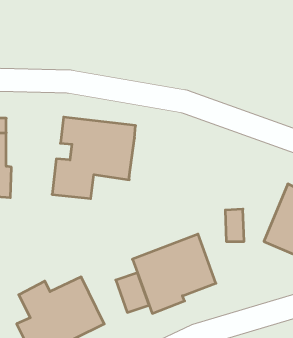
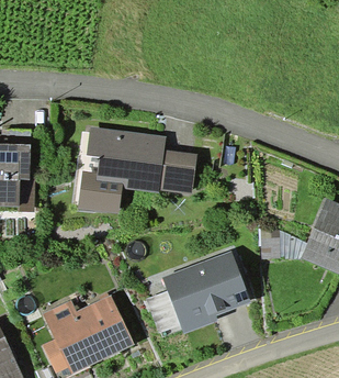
building: none -> [159,149,197,194]

